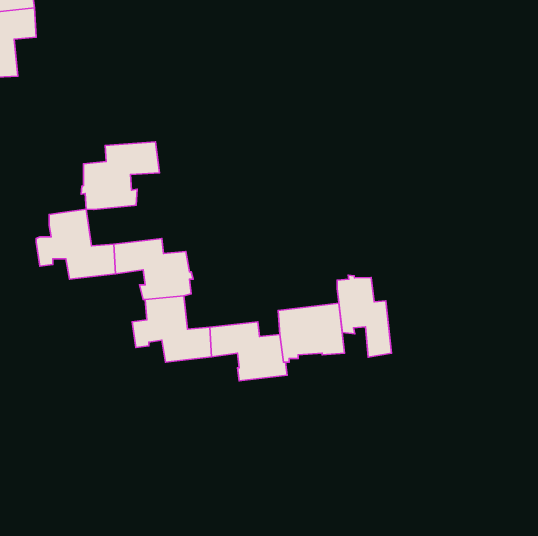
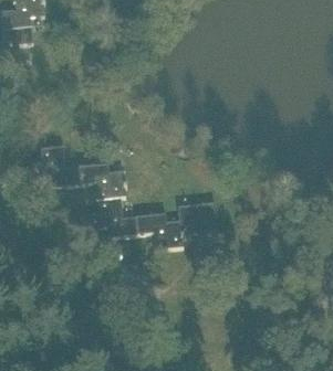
building: [81,142,159,210] -> none
building: [337,275,392,357] -> none

